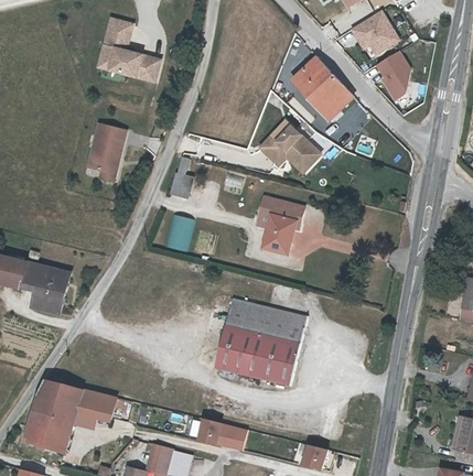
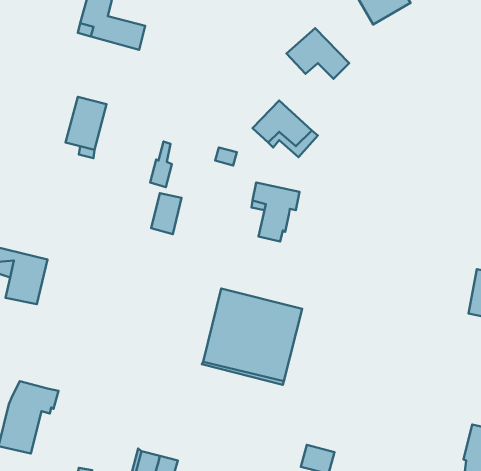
building: [377,46,420,96] -> none
building: [308,90,354,122] -> none
building: [56,390,116,450] -> none
building: [201,415,250,445] -> none

